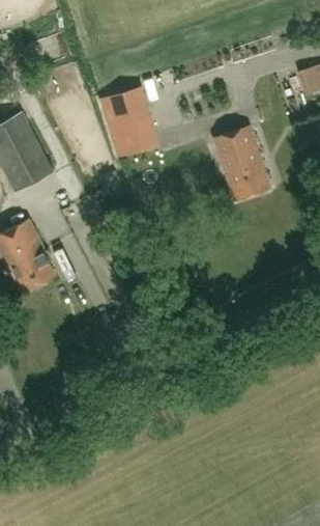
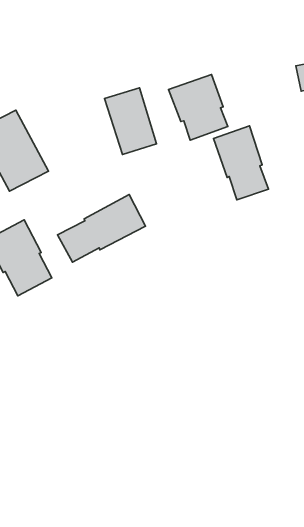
building: none -> [168,74,228,140]
building: none -> [57,194,146,262]

